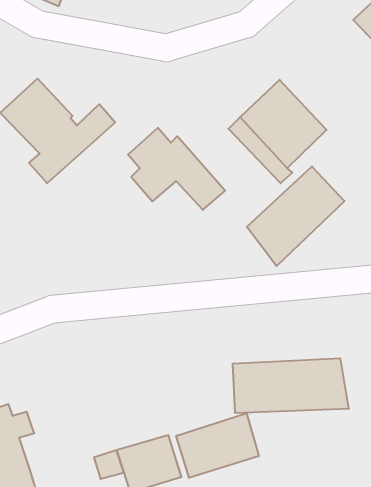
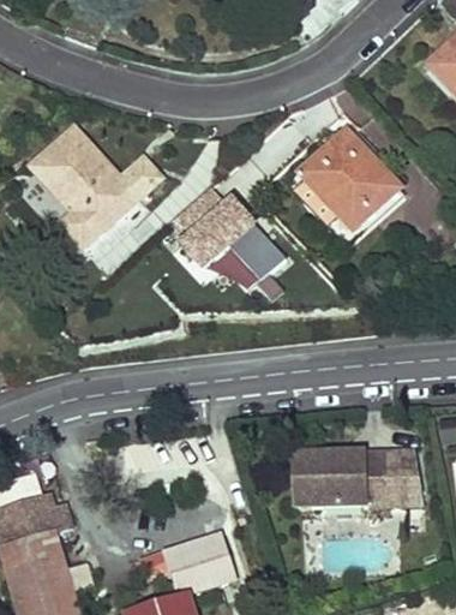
building: [247,166,345,266] -> none
building: [176,413,259,478] -> none

